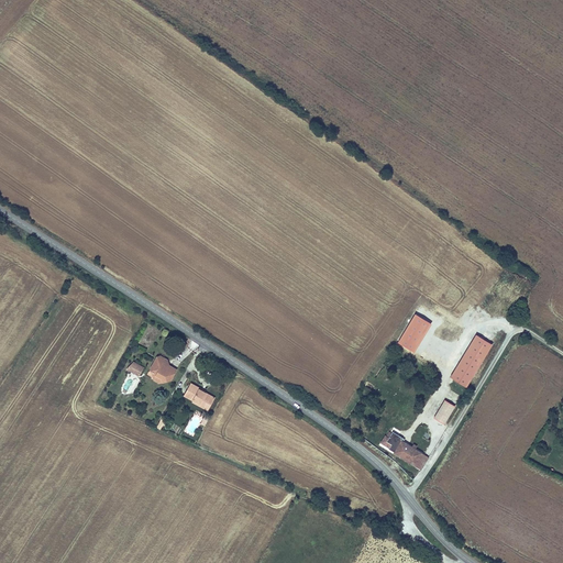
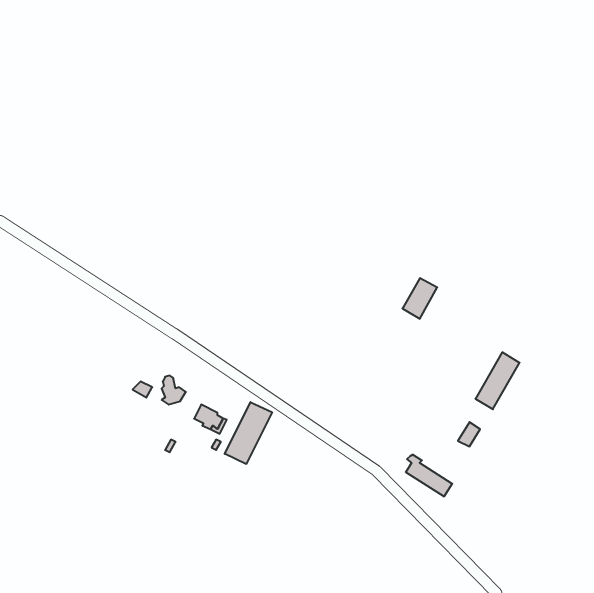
building: [398,312,431,351] -> [402,278,437,319]
building: none -> [225,402,272,464]

